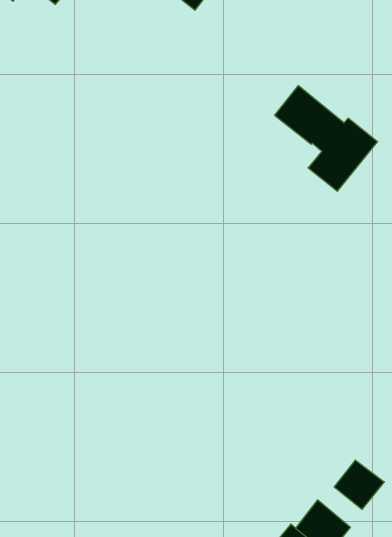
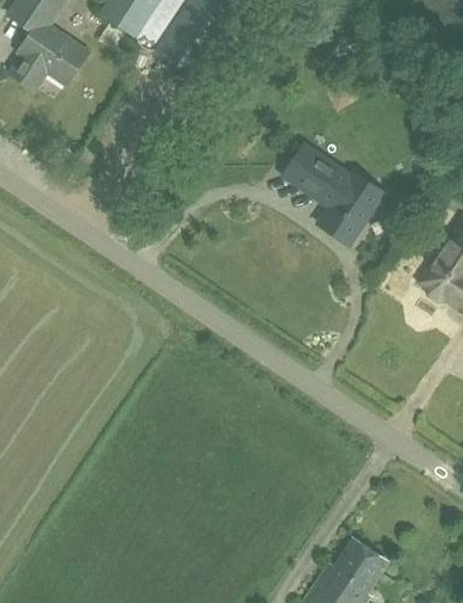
building: [334,460,384,509] -> none

